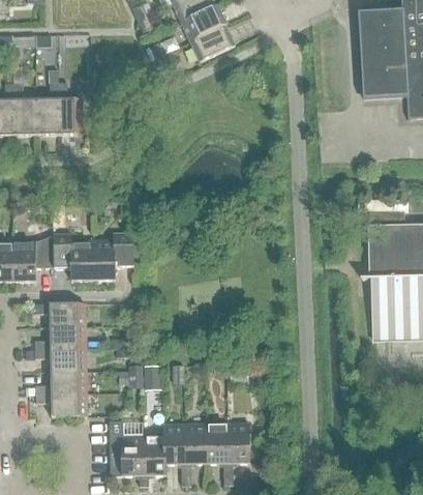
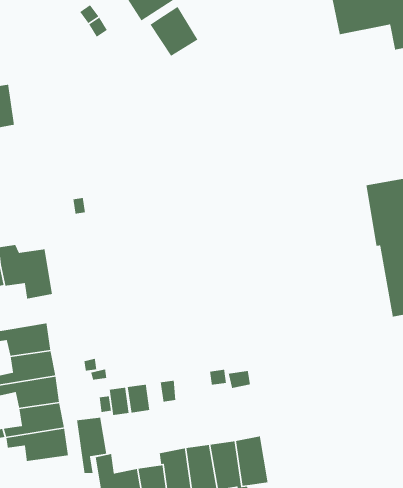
building: none -> [150,6,199,57]
building: [92,231,131,280] -> none
building: none -> [76,417,107,474]

